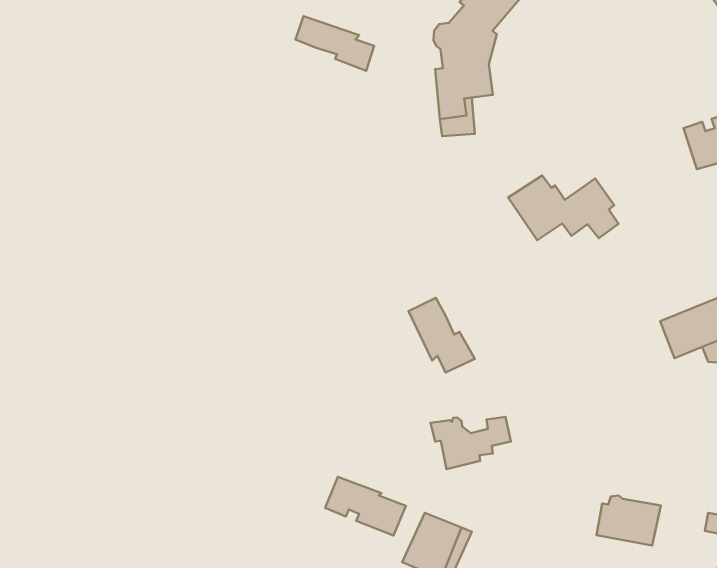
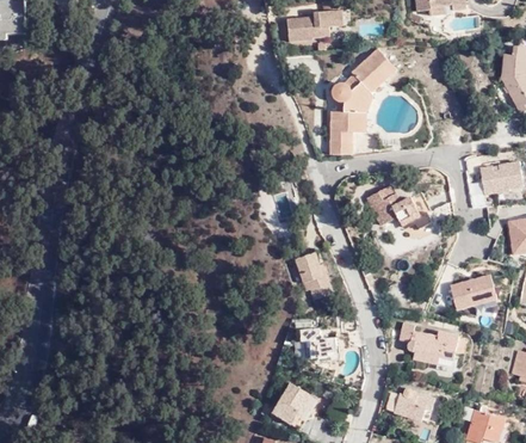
building: [296,16,374,71] -> none
building: none -> [400,322,459,368]
building: [325,477,406,535] -> none

